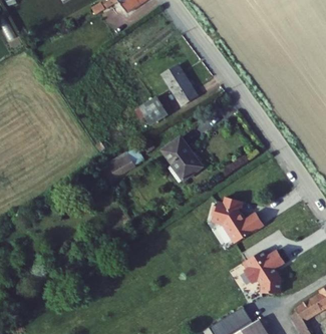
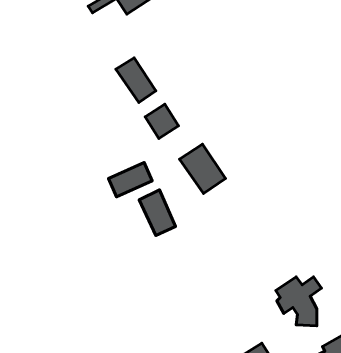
building: [165,61,200,100] -> [116,58,156,102]
building: none -> [139,190,176,235]
building: [215,197,267,243] -> none

